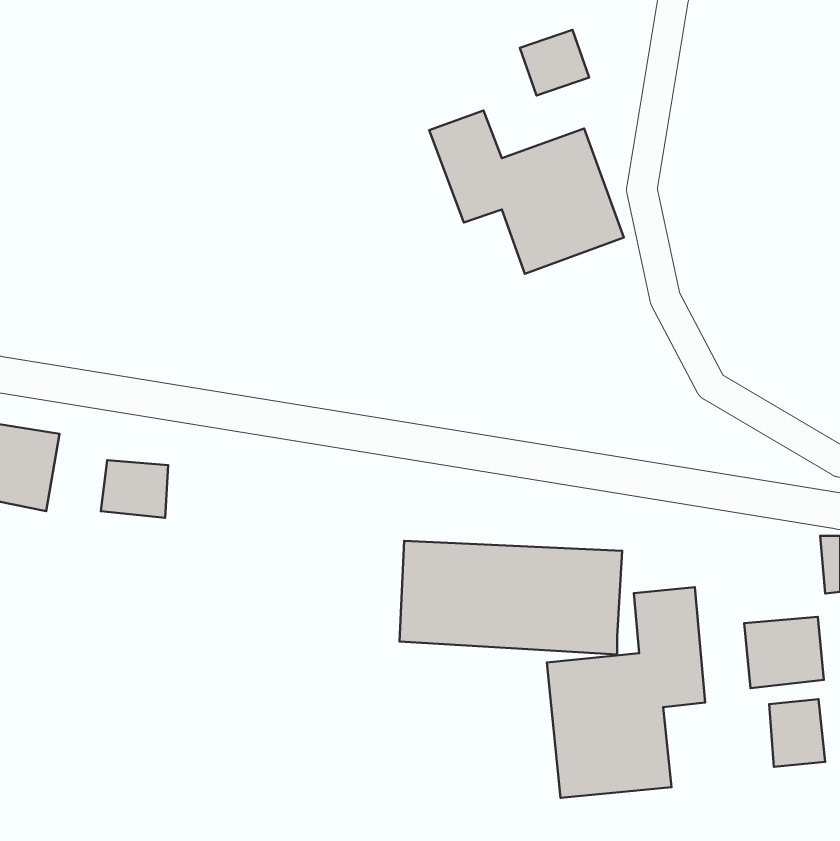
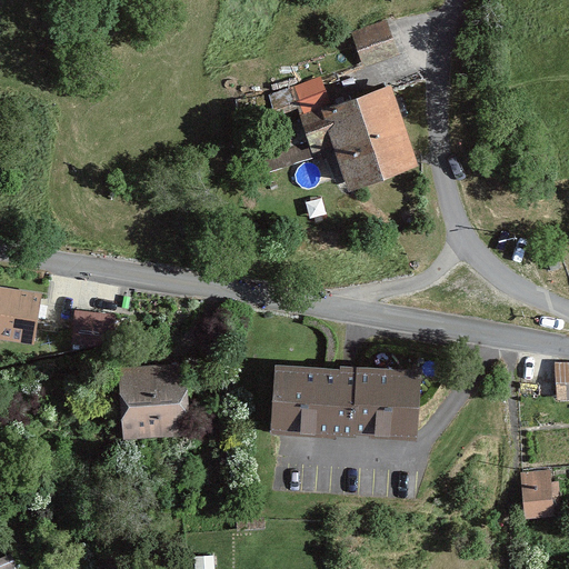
building: none -> [116,361,192,439]
building: [547,587,705,798] -> none
building: [744,617,824,688] -> none

